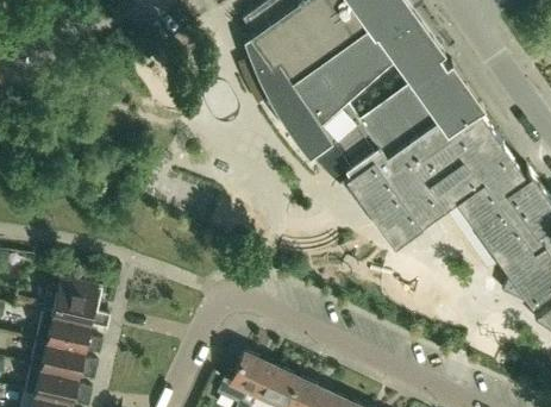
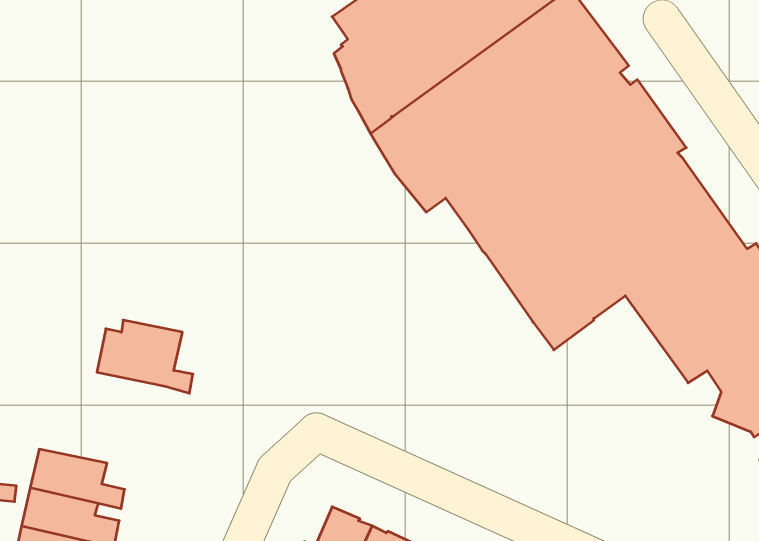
building: [43,277,108,327] -> [97,320,193,393]

